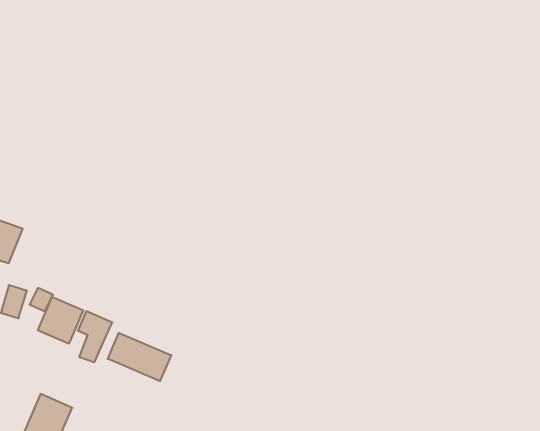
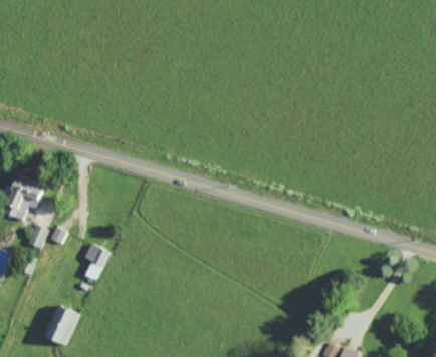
building: [38,297,83,344] -> none
building: [108,333,171,381] -> none

